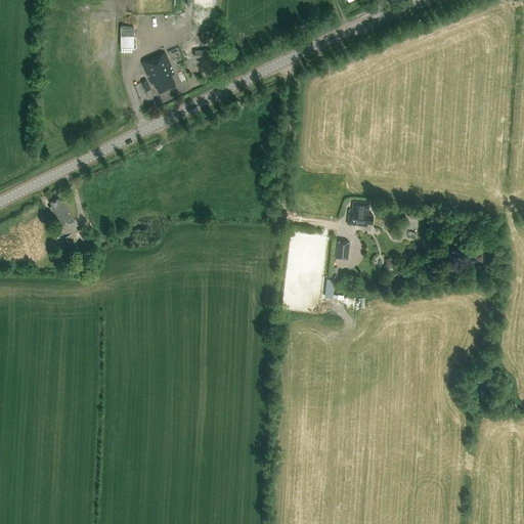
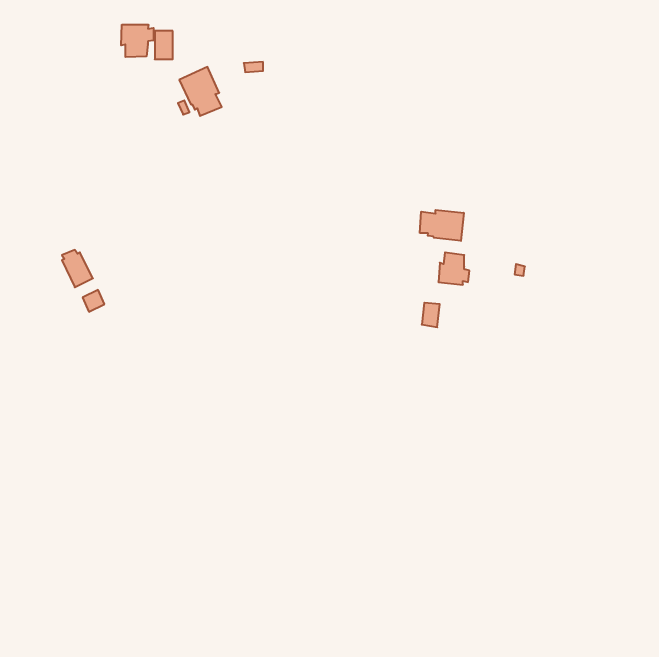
building: none -> [121,25,154,57]
building: none -> [420,210,464,241]

